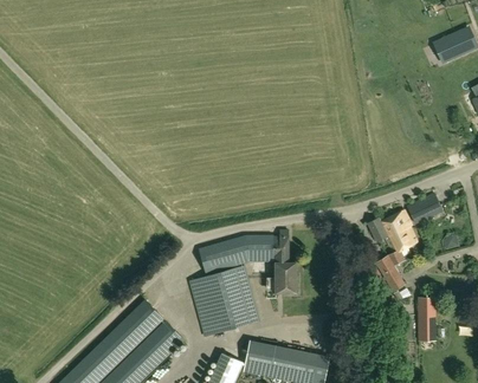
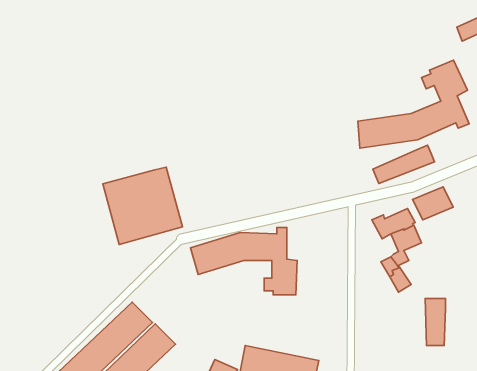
building: none -> [358,60,469,148]
building: none -> [373,145,435,184]
building: [188,265,263,337] -> [103,167,183,245]

